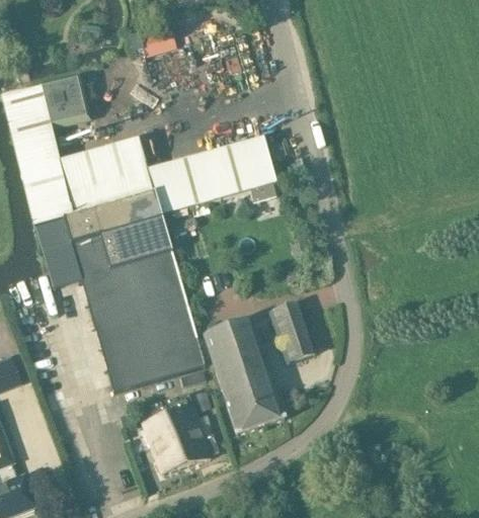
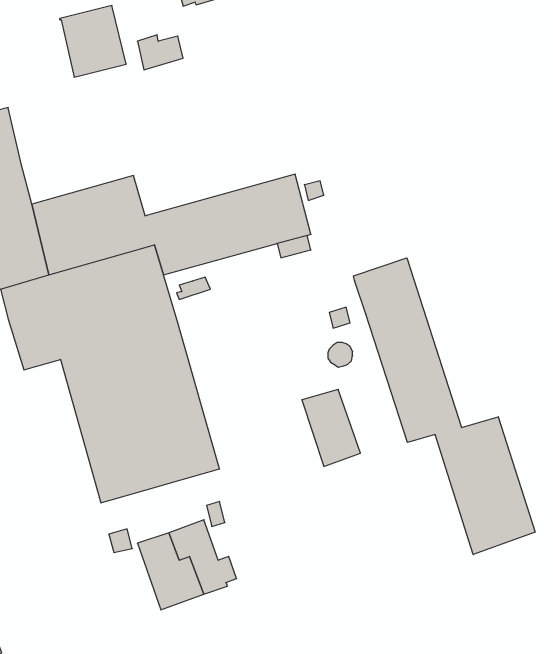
building: [41,73,92,128] -> [60,5,126,77]
building: none -> [353,258,535,555]
building: [204,319,285,433] -> none

